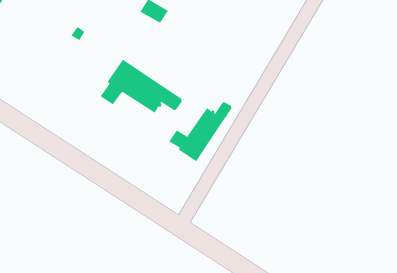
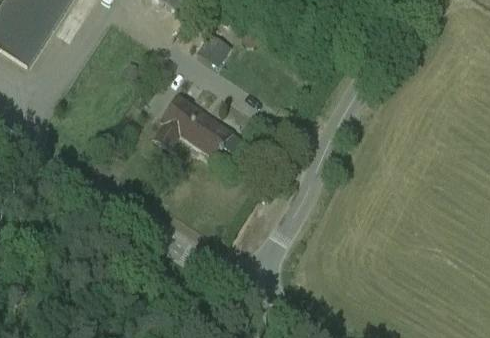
building: [169,102,232,162] -> none

